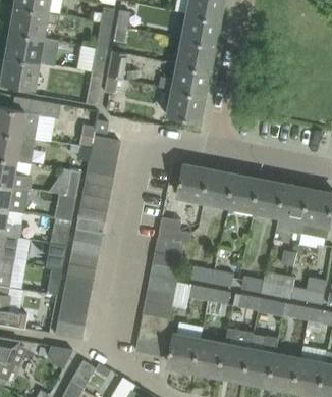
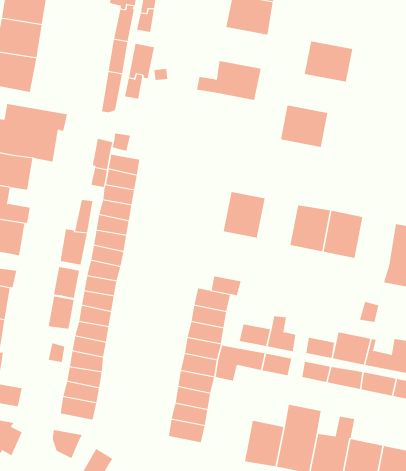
building: [176,39,214,70] -> [304,41,353,82]
building: [167,89,204,121] -> [280,105,328,148]
building: [206,169,236,205] -> none
building: [278,184,311,234] -> none
building: [170,334,202,370] -> none

